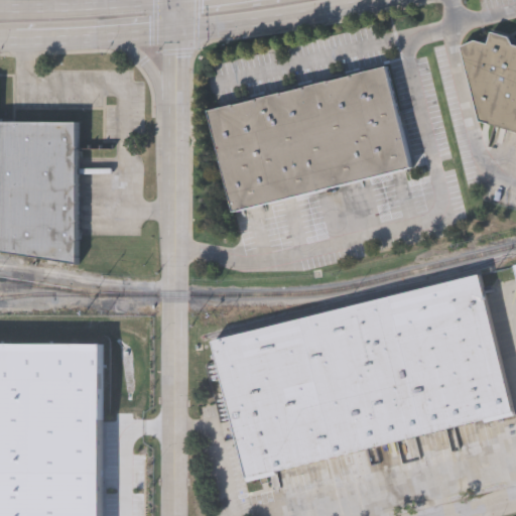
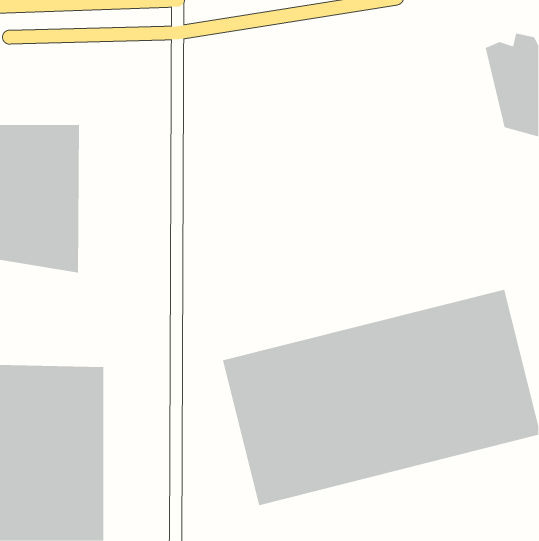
building: [205,64,411,212] -> none

